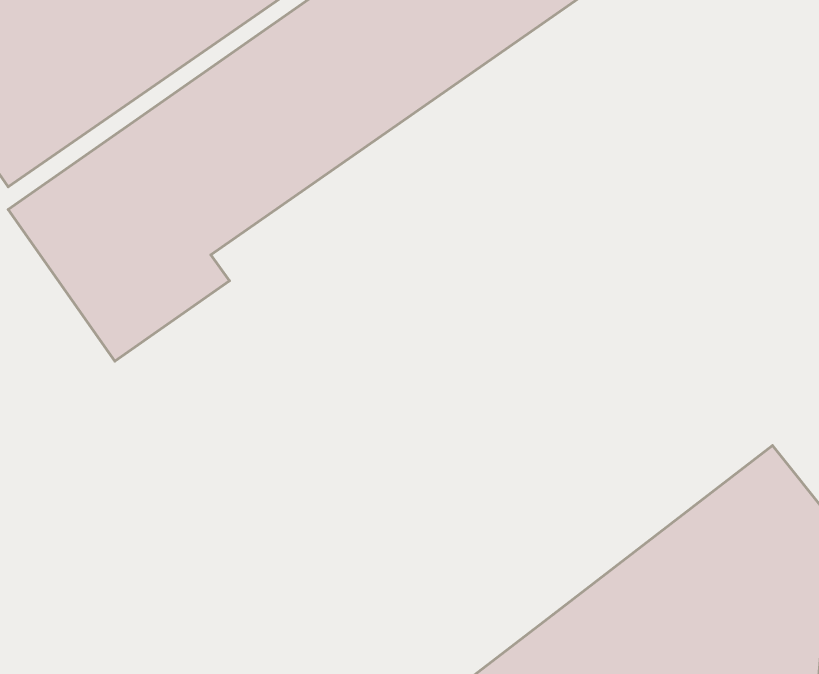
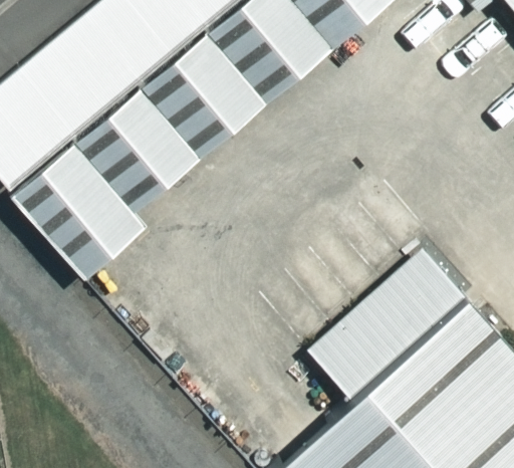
building: none -> [307,248,469,404]

